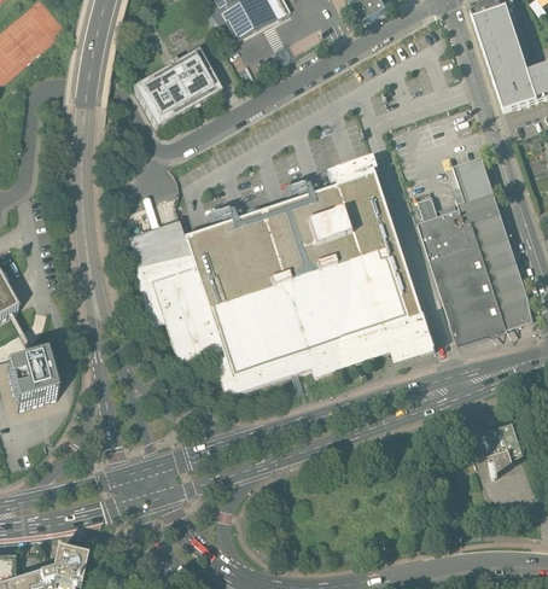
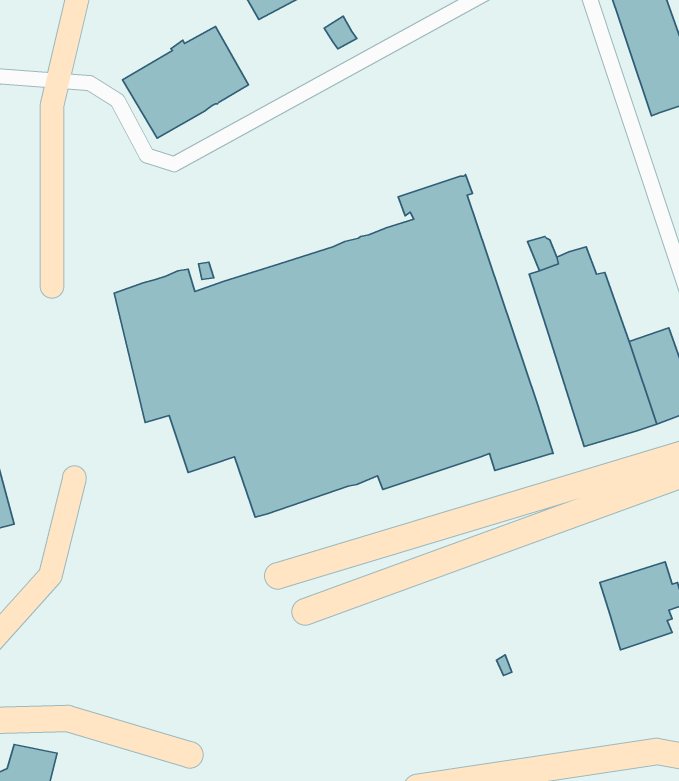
building: [453,157,515,269] -> none

